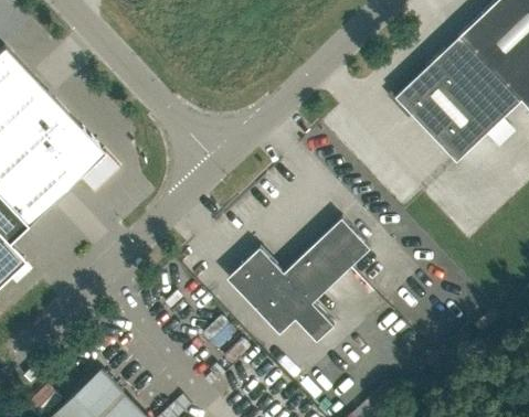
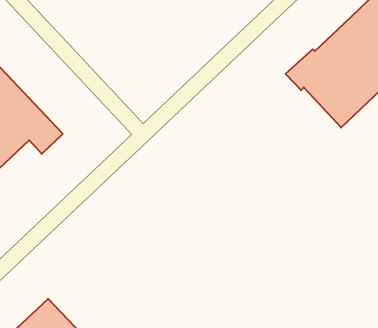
building: [228,217,371,341] -> none

